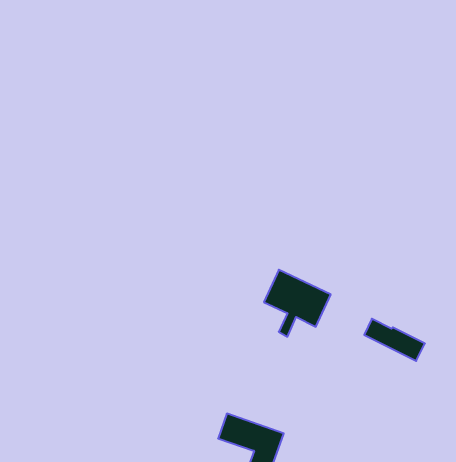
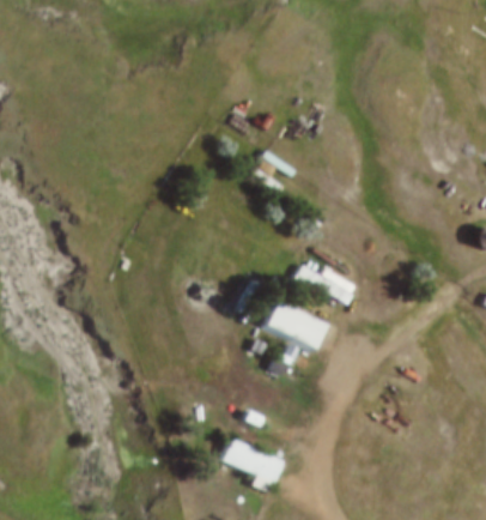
building: [364,319,425,361] -> [297,261,356,302]

